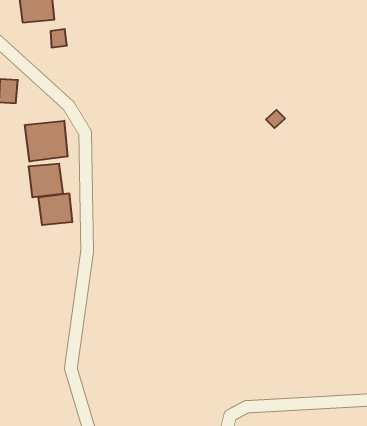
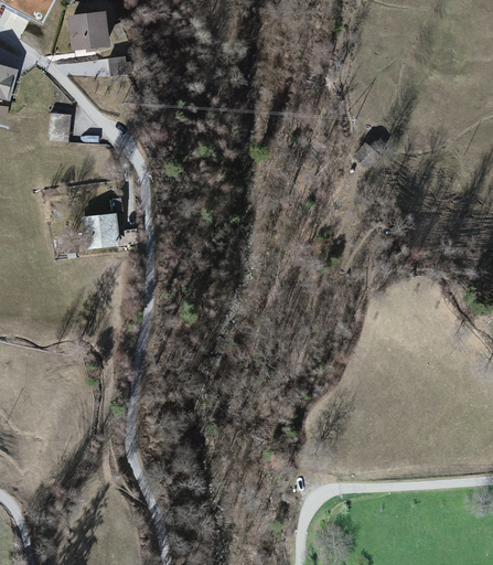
building: [25,121,67,162] -> none
building: [38,193,72,225] -> none

